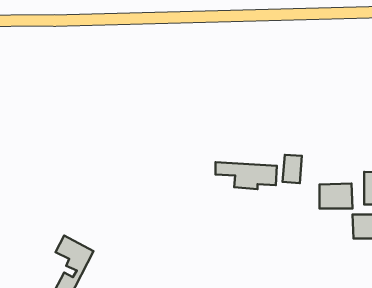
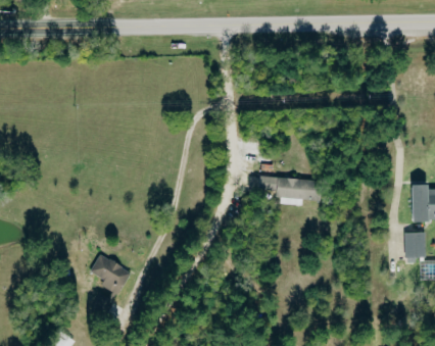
building: [282,155,302,183] -> none
building: [319,184,352,208] -> none

